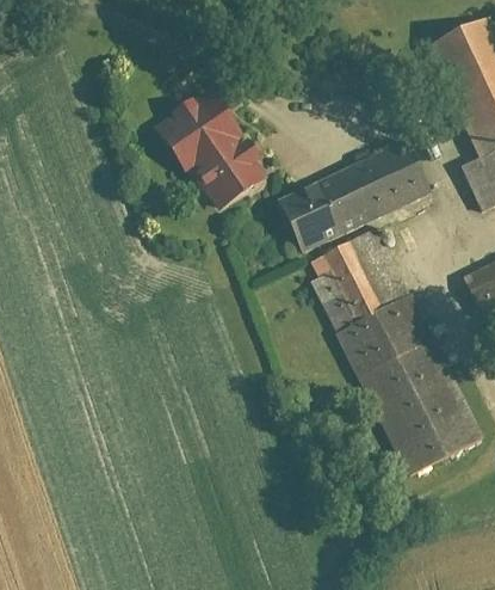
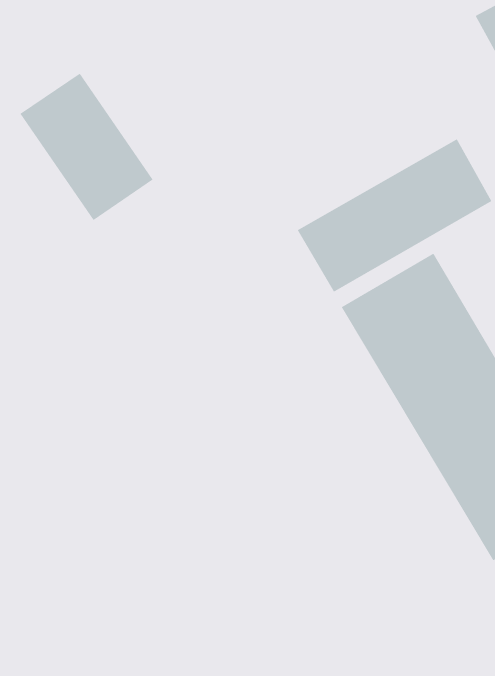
building: [163,90,265,207] -> [19,73,154,221]

